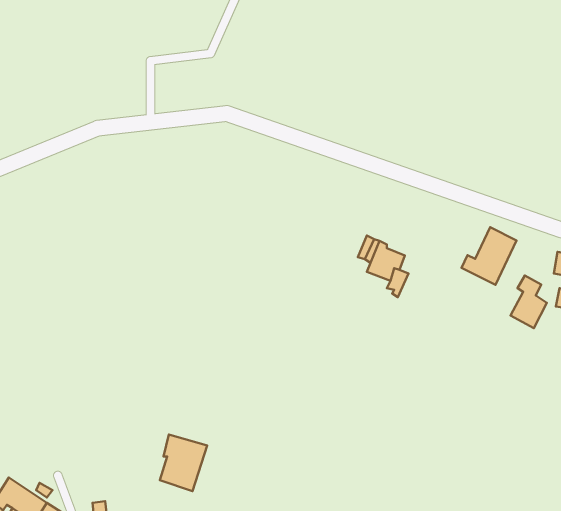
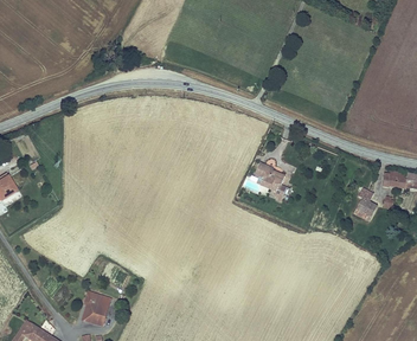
building: [462,227,517,285] -> none
building: [160,435,207,491] -> [81,290,111,327]

